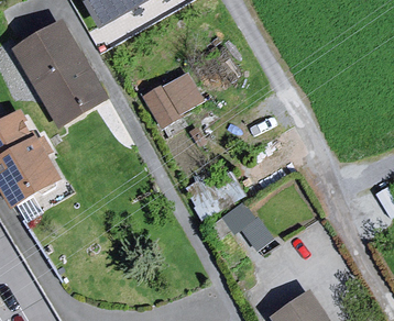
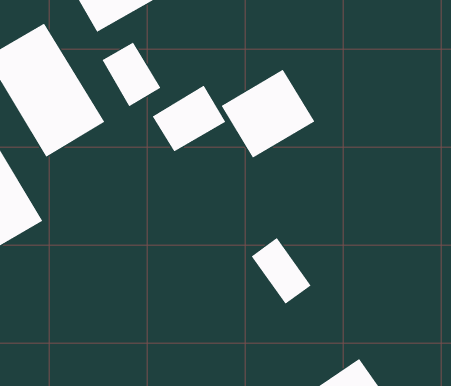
building: none -> [102,42,161,107]
building: none -> [221,69,315,159]

